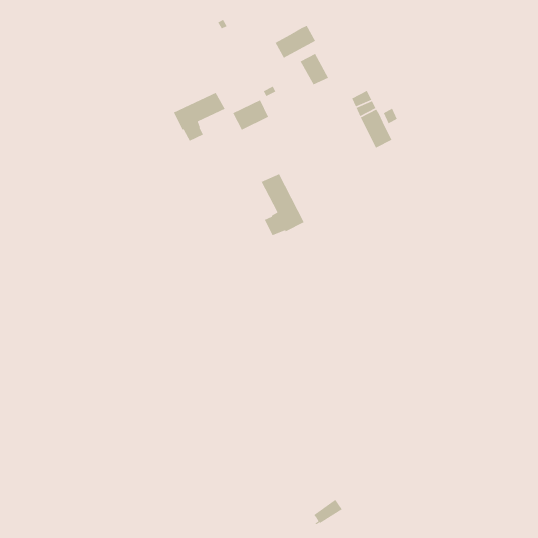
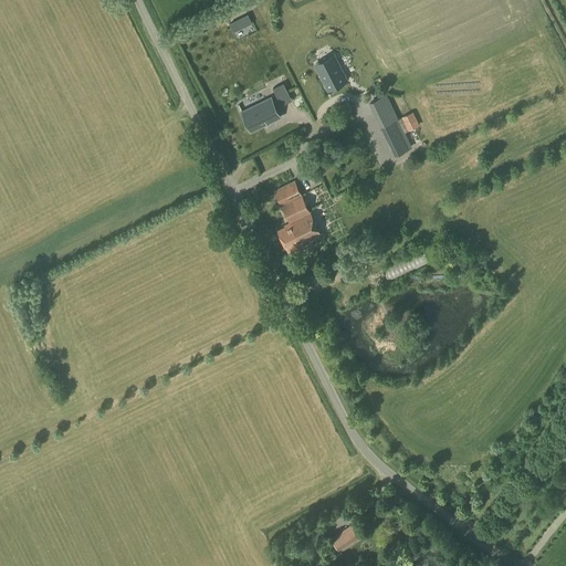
building: [275,25,316,59] -> none
building: [173,92,226,142] -> none

